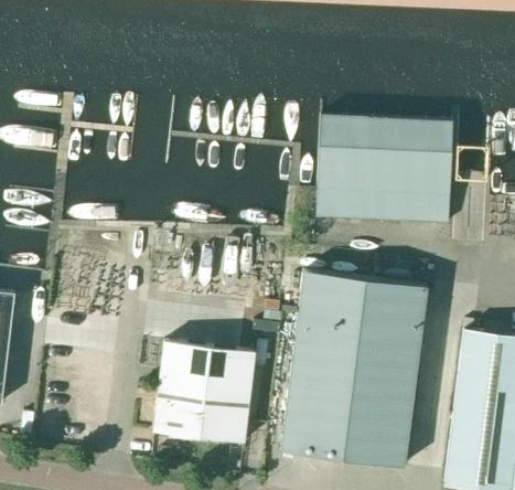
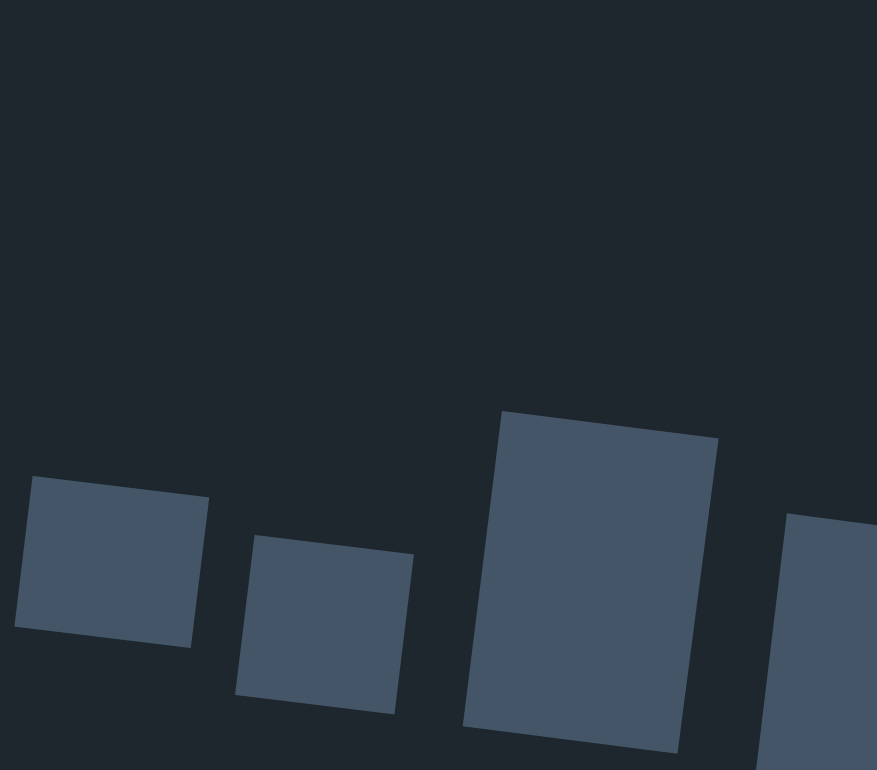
building: [316,116,452,223] -> none
building: none -> [13,475,210,649]

